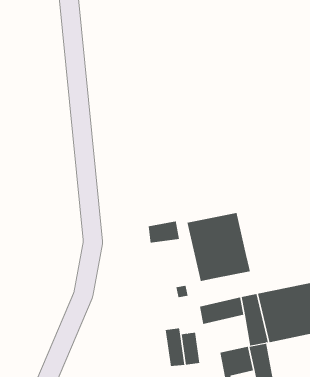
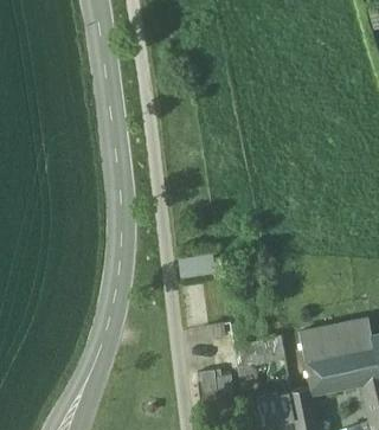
building: [187,212,251,282] -> none

